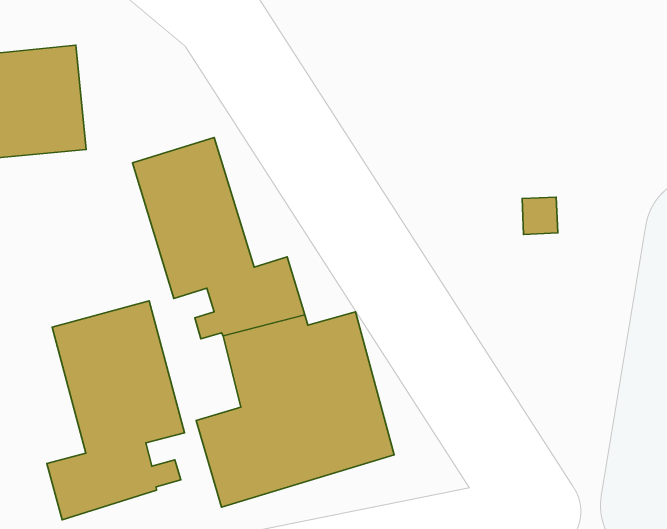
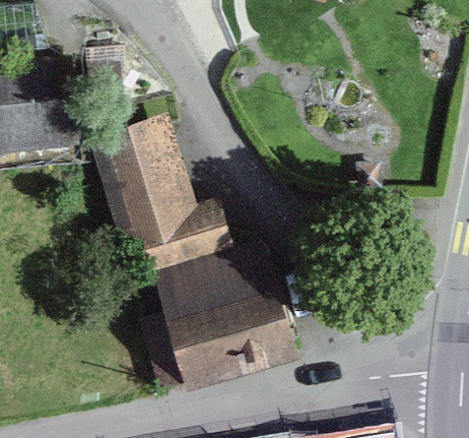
building: [47,301,185,520] -> none

